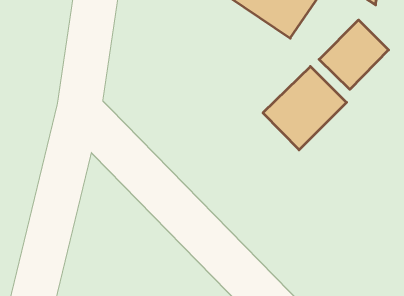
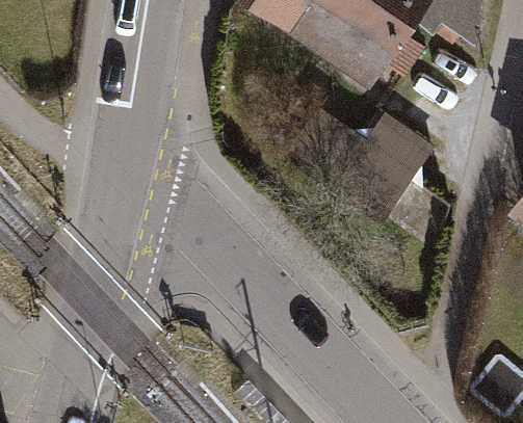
building: [319,20,389,89] -> none

